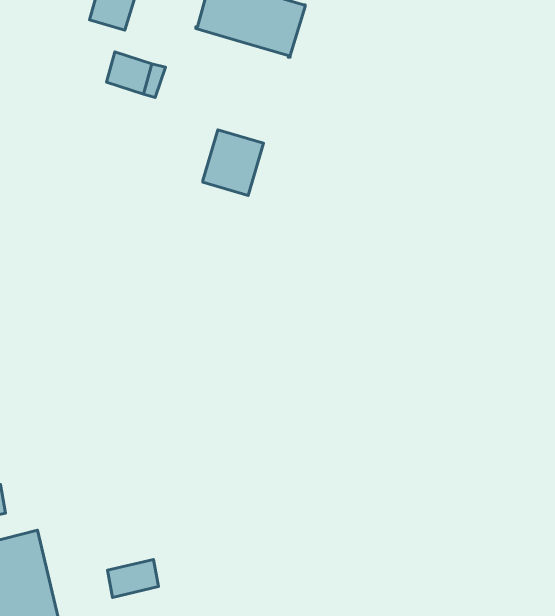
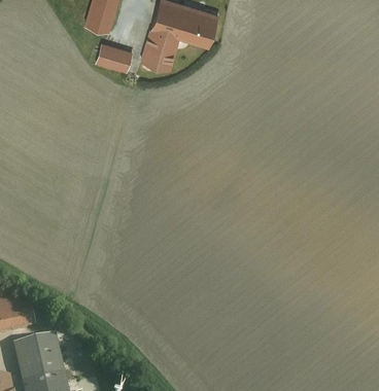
building: [203,130,263,196] -> [142,27,179,67]
building: [108,559,158,597] -> none

